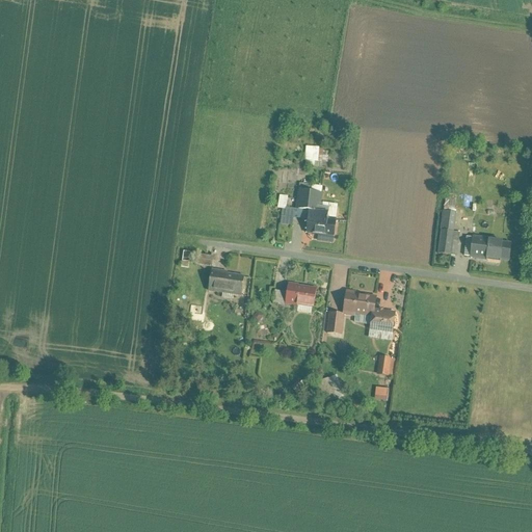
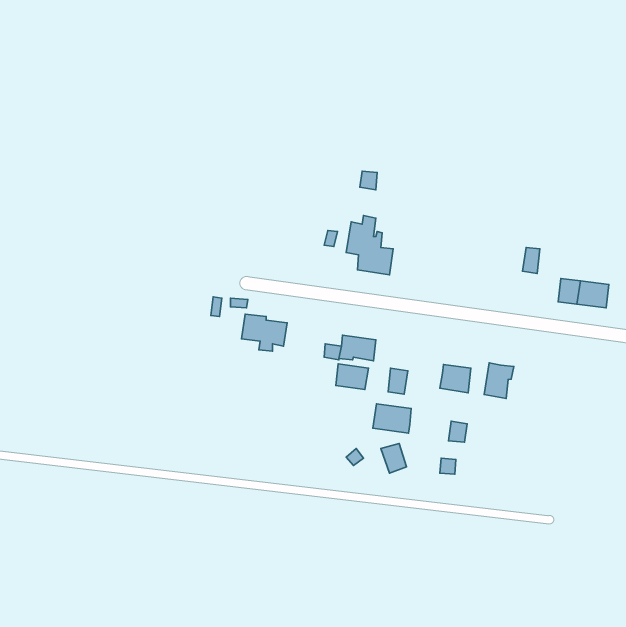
building: [437,229,458,254] -> none
building: [343,290,375,315] -> [373,404,411,433]
building: none -> [484,363,514,398]
building: none -> [336,364,368,390]

